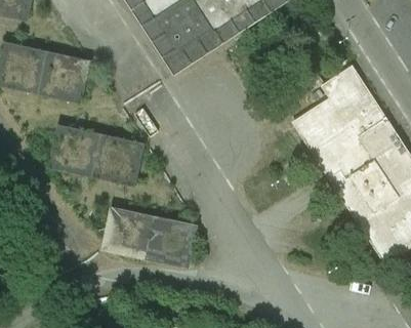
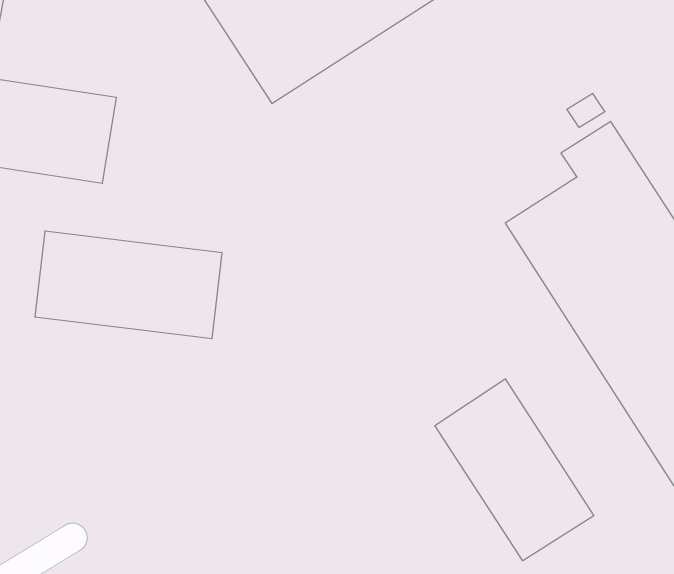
building: none -> [435,379,594,561]
building: [101,206,199,266] -> none

